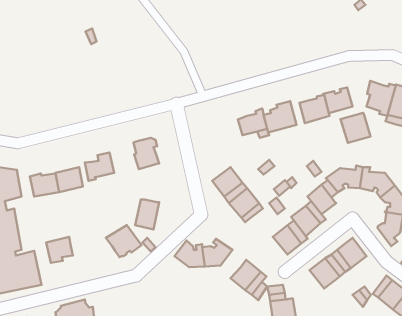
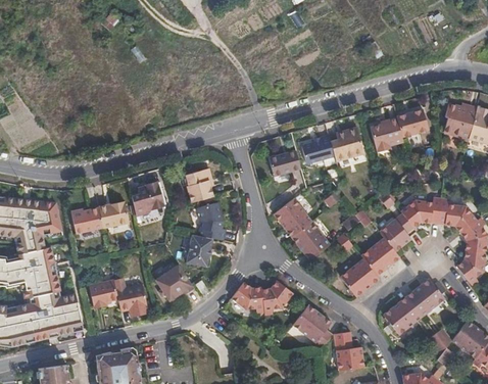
building: [340,113,371,143] -> none
building: none -> [269,150,301,178]
building: none -> [196,202,225,240]
building: none -> [115,282,147,309]

